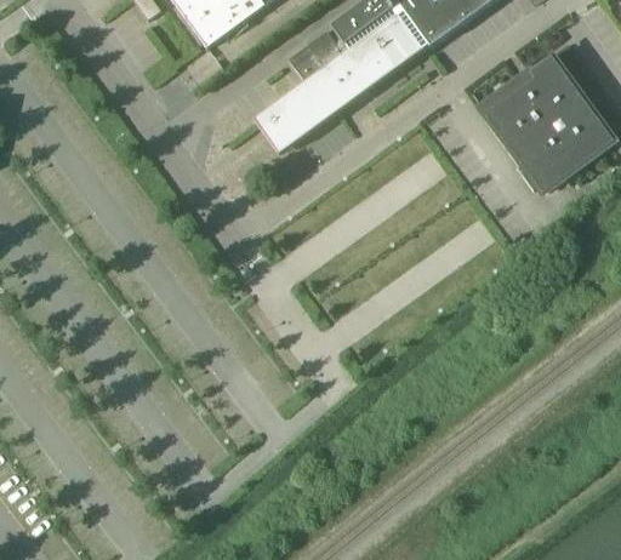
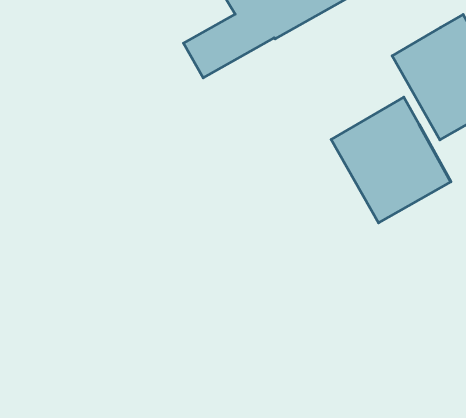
building: none -> [331,97,451,223]

